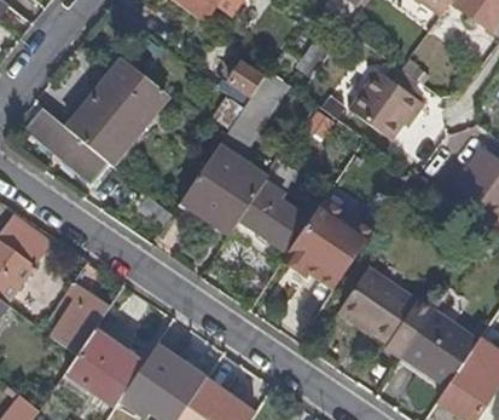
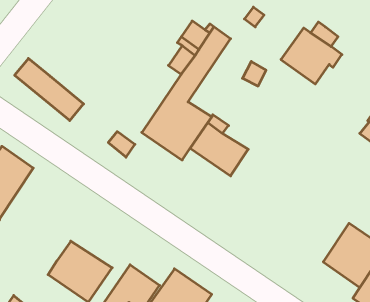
building: [68,63,164,163] -> none
building: [289,218,372,289] -> none
building: [338,265,436,357] -> none
building: [54,289,110,355] -> none

